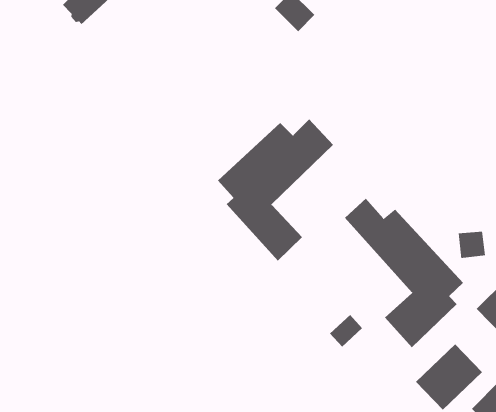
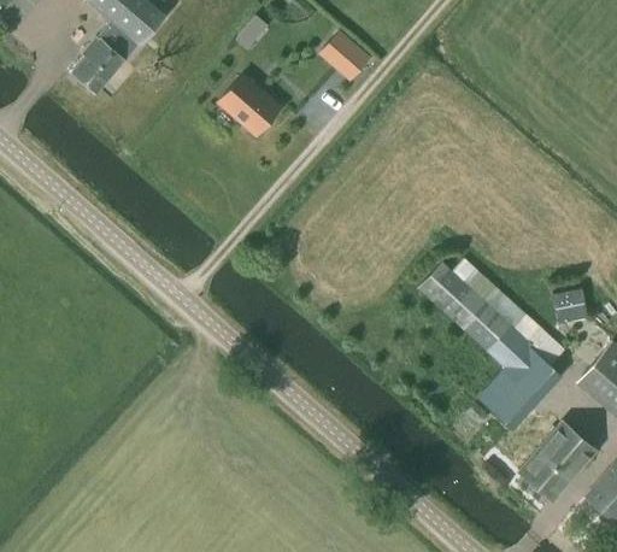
building: none -> [217,75,280,135]
building: [217,119,334,262] -> none
building: [329,314,363,347] -> none

